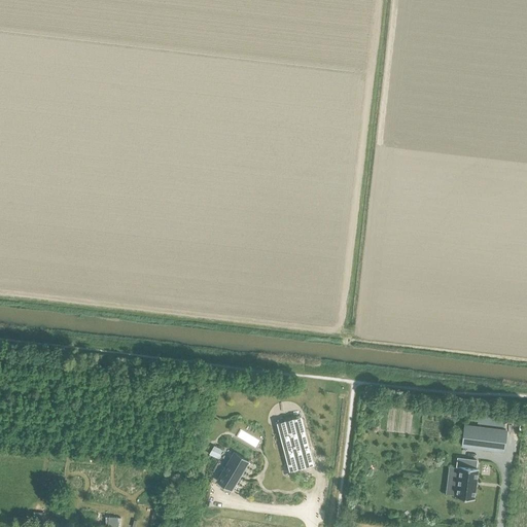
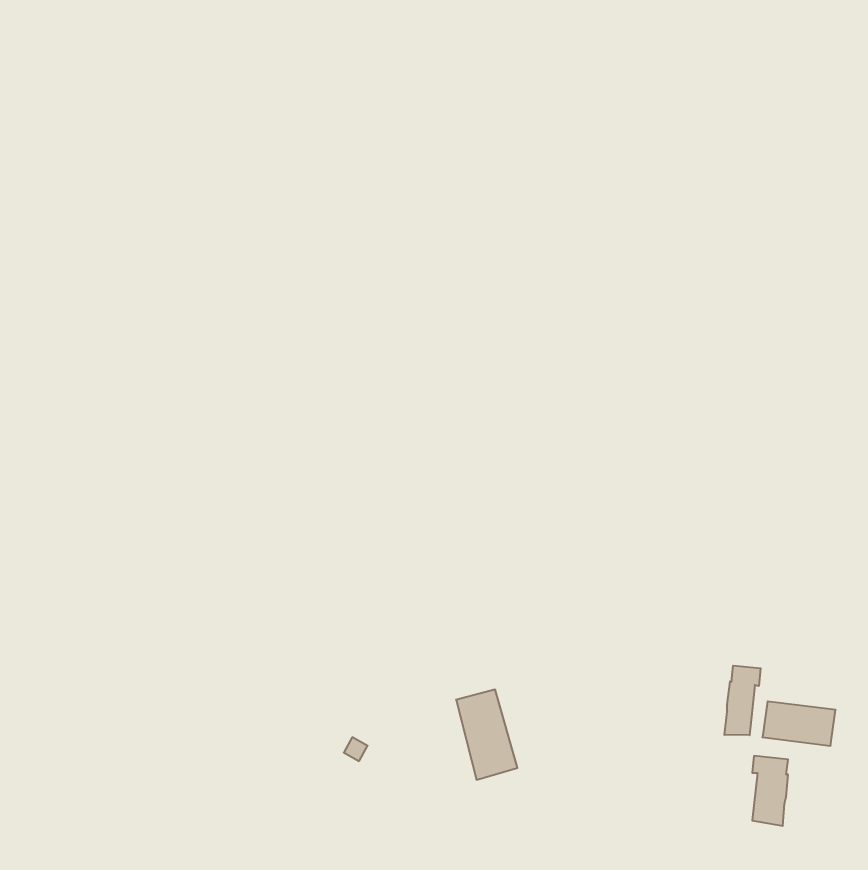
building: none -> [724,666,761,735]
building: [216,452,247,489] -> none

